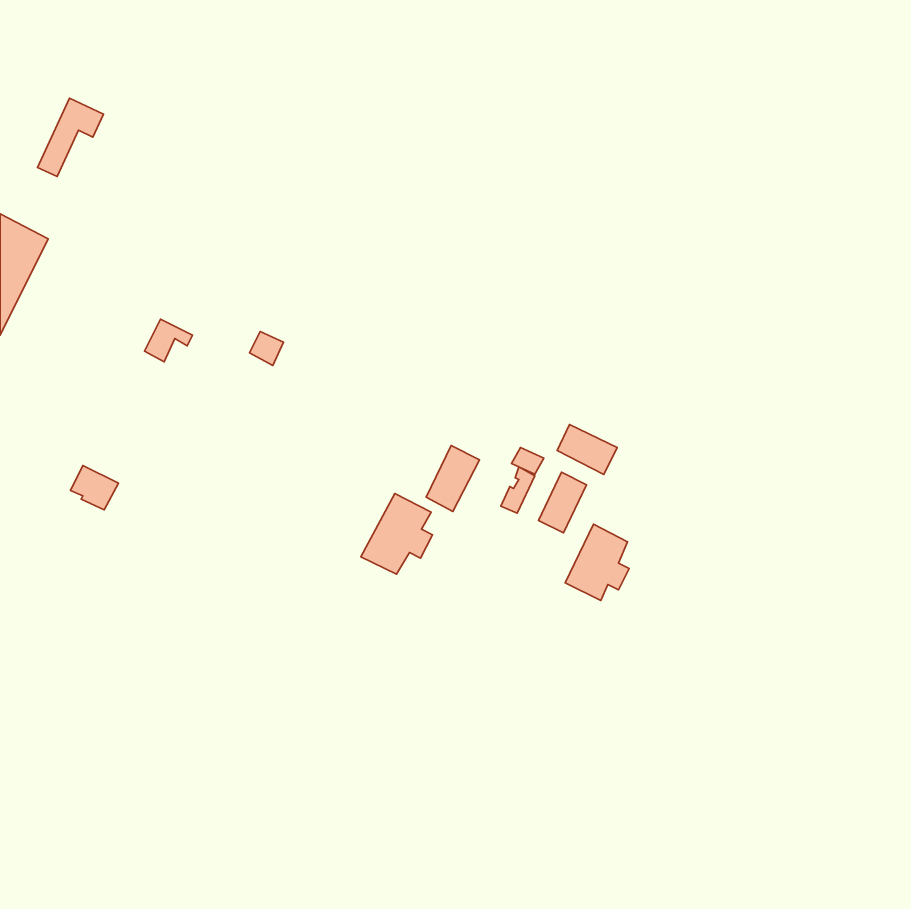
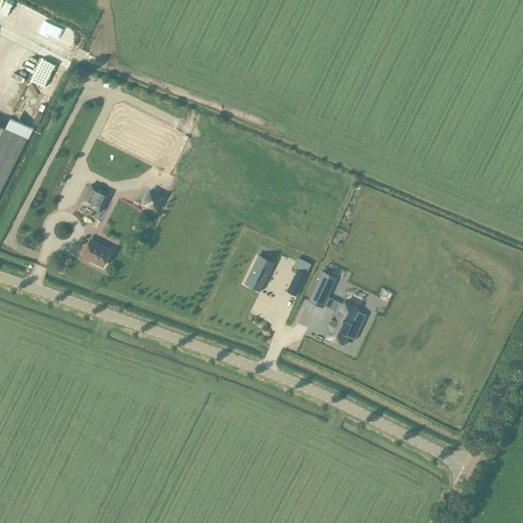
building: [557,424,617,474] -> none
building: [70,465,119,510] -> [84,239,111,265]
building: [361,493,433,574] -> none

